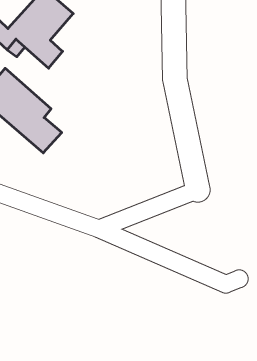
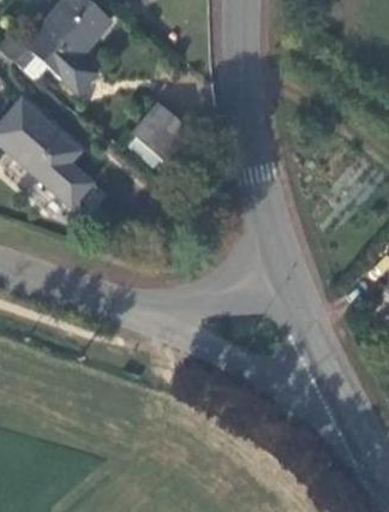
building: none -> [132,102,191,161]

